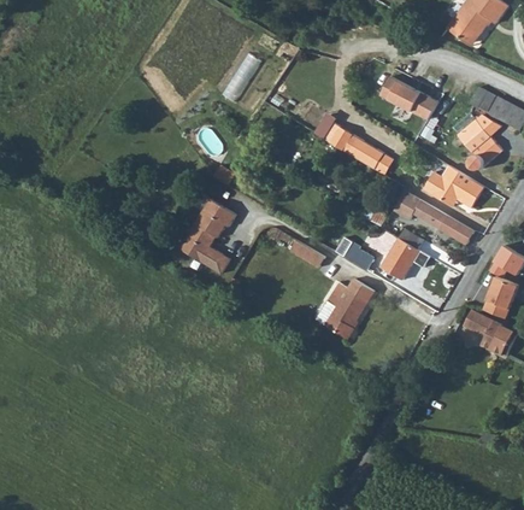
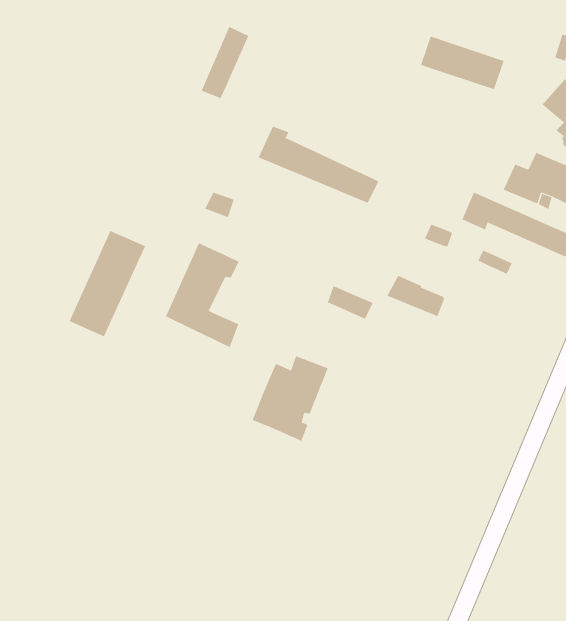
building: [312,112,394,175] -> [258,126,379,203]
building: none -> [69,230,146,337]
building: [382,239,431,281] -> none
building: [317,279,375,339] -> [252,355,328,441]

